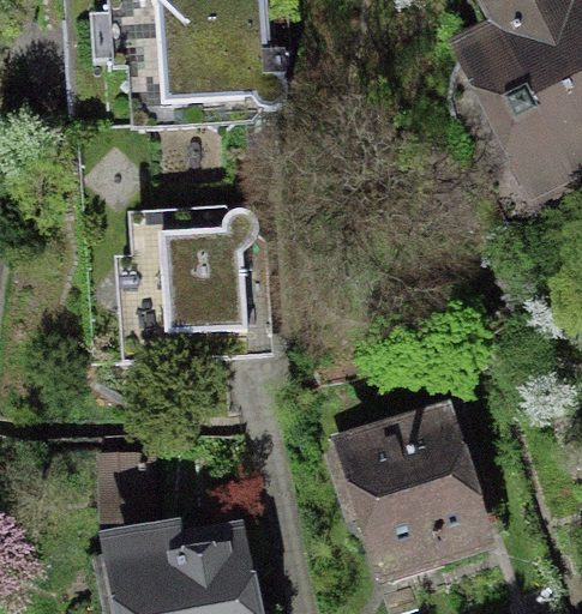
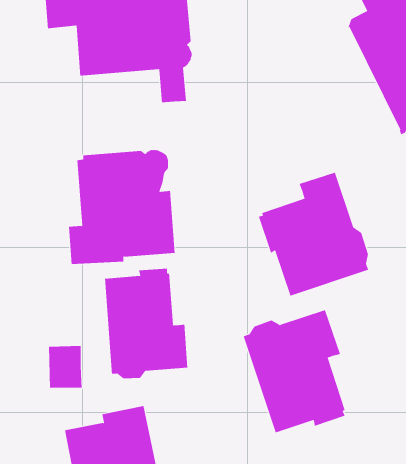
building: none -> [258,172,369,297]
building: none -> [105,268,188,379]

